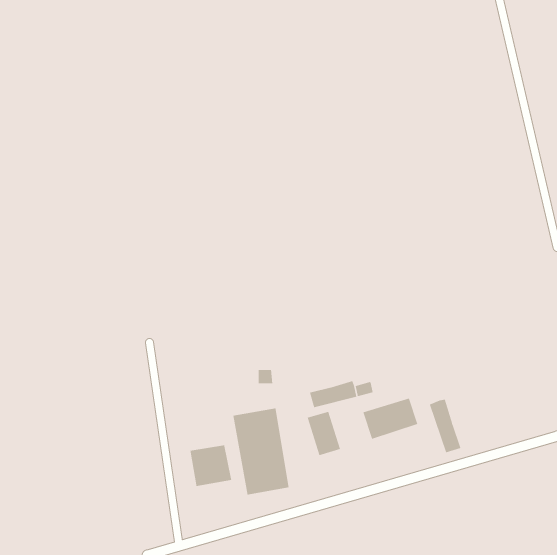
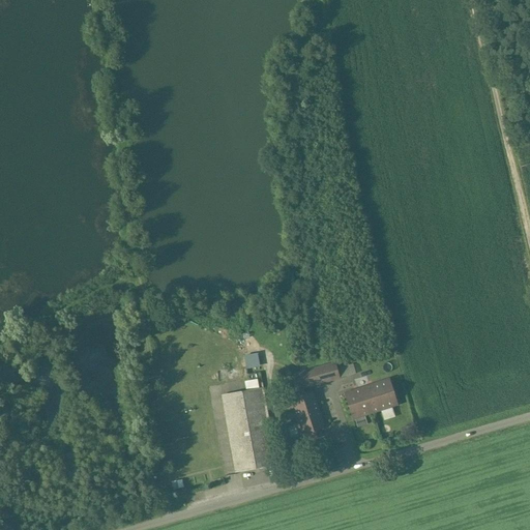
building: [429,399,461,453] -> none
building: [190,444,232,487] -> none

